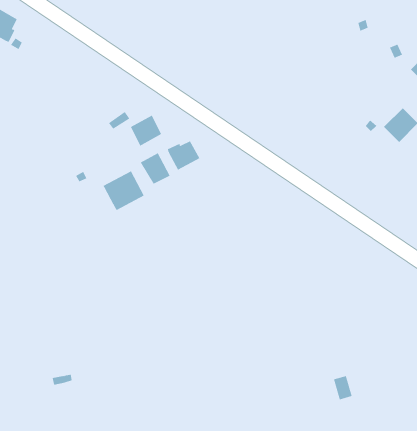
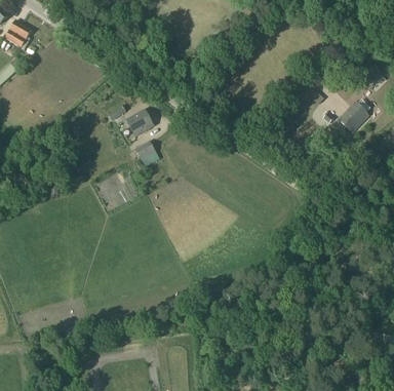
building: [167,141,200,170] -> none
building: [103,171,145,211] -> none

